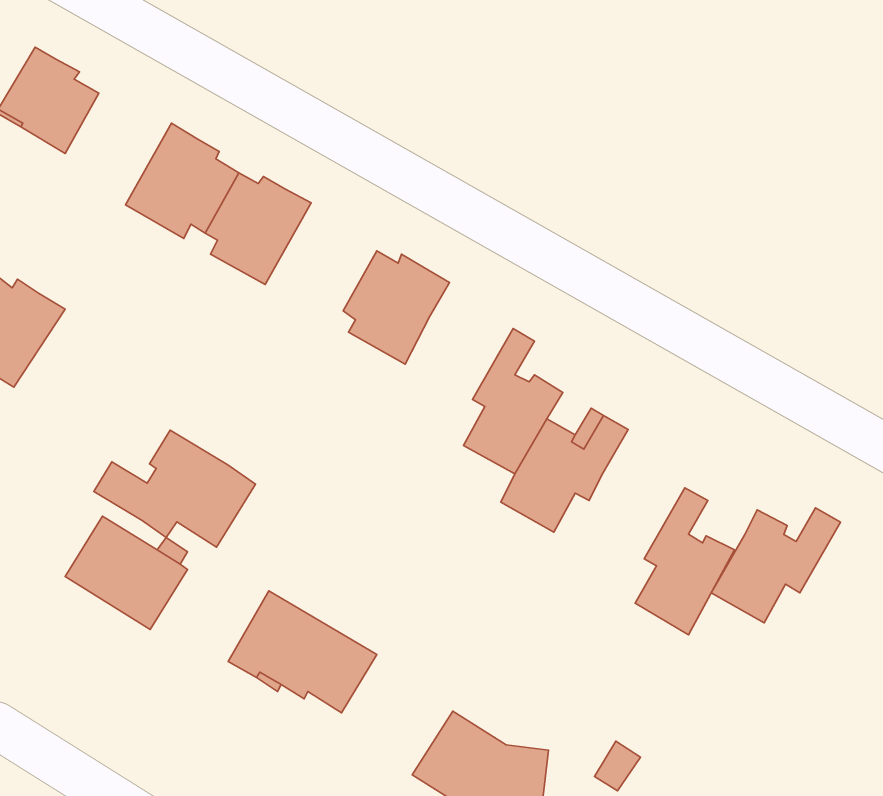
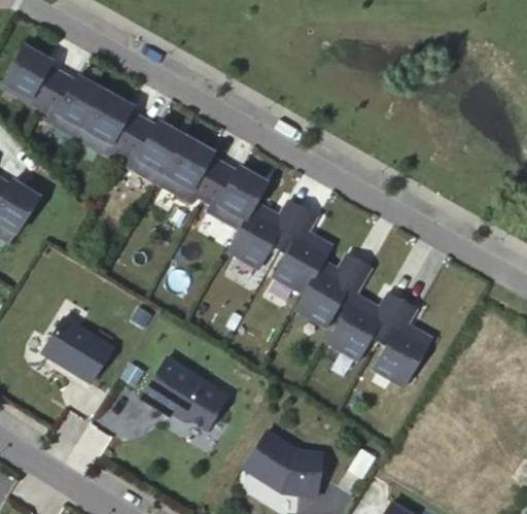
building: none -> [42,71,104,136]
building: none -> [159,135,223,201]
building: none -> [227,199,303,267]
building: [94,430,255,547] -> none
building: [711,508,840,623] -> [327,293,402,359]

